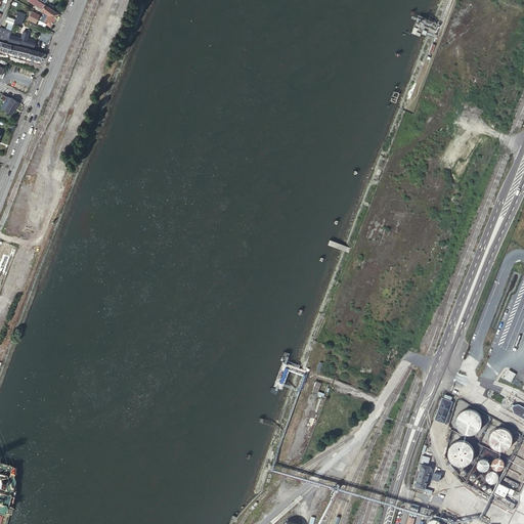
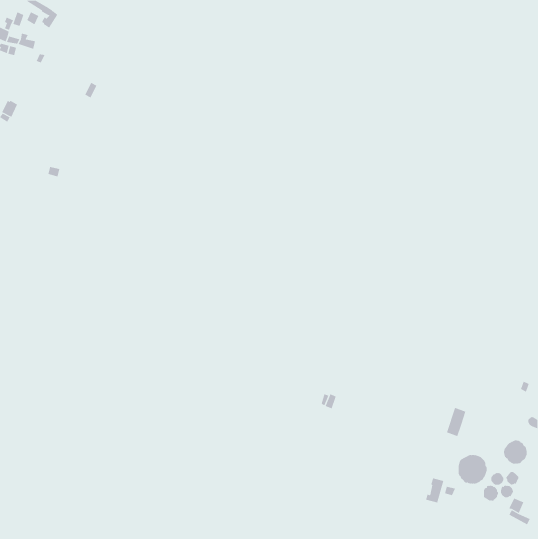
building: [455,408,481,435] -> none

